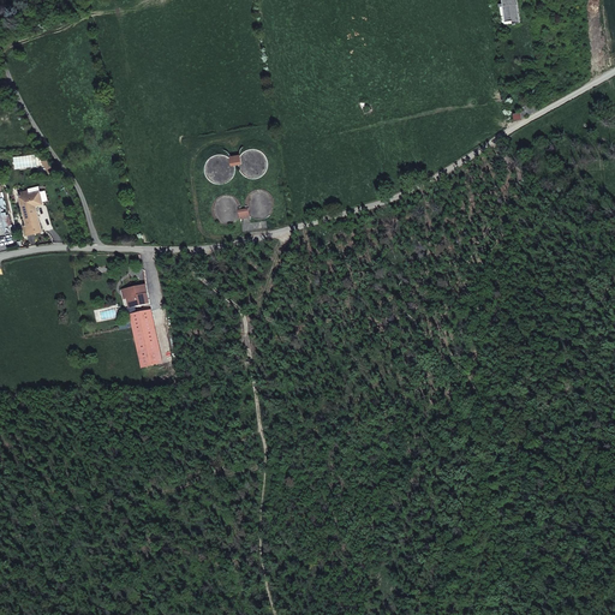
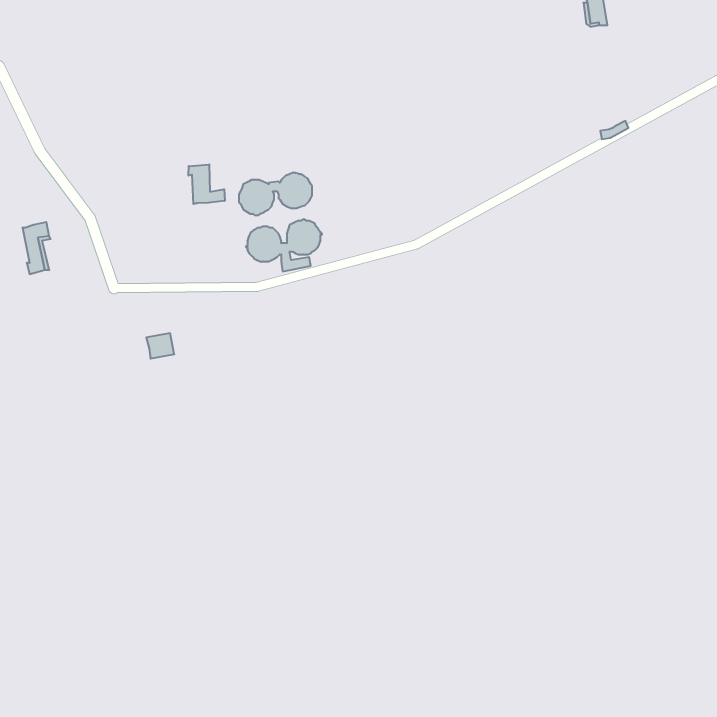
building: none -> [189,164,225,204]
building: [131,310,162,366] -> none

